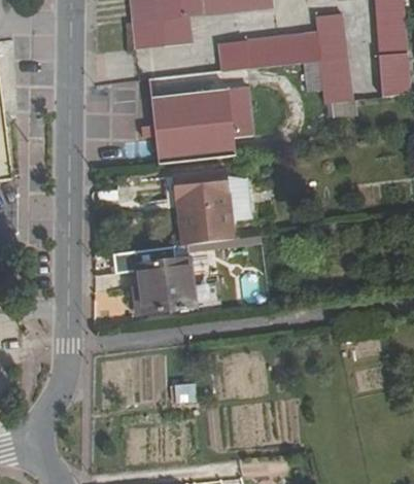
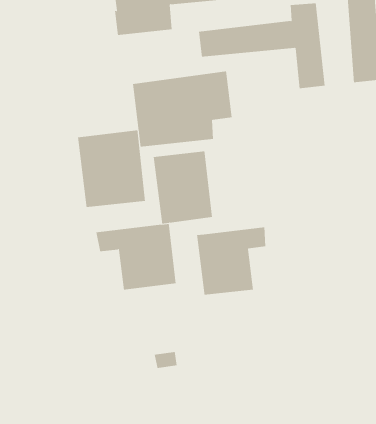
building: none -> [78,129,145,208]
building: none -> [197,226,266,296]

